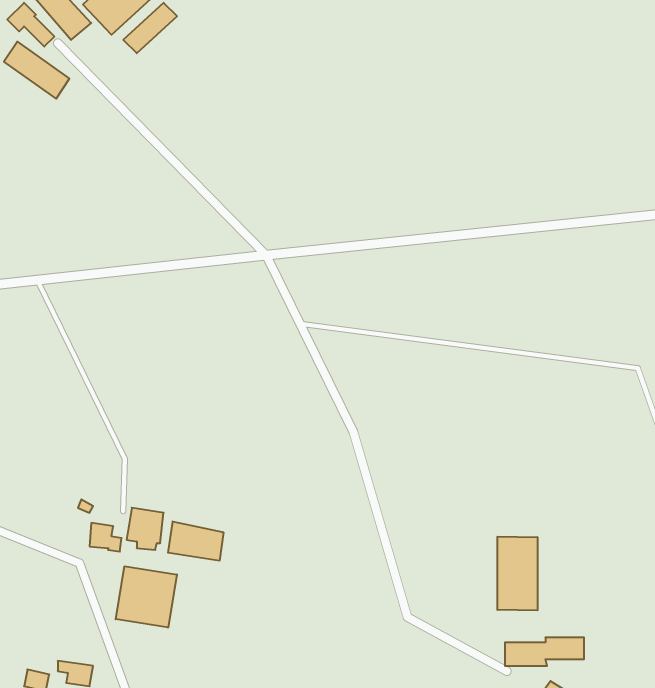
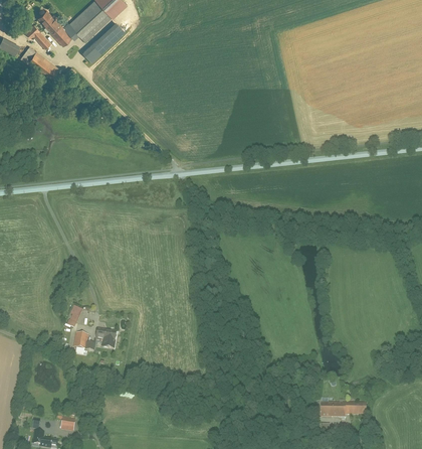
building: [168,521,223,561] -> none
building: [497,537,537,610] -> none
building: [116,566,177,628] -> none

